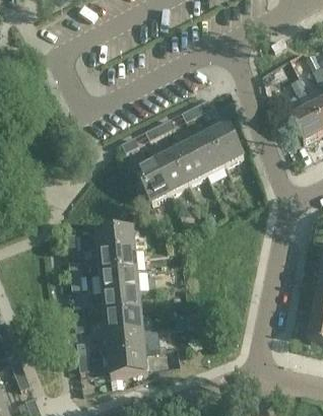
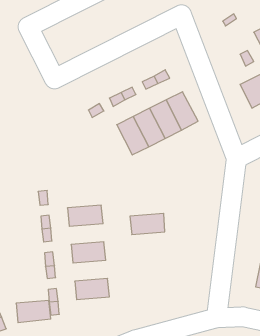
building: [135,157,171,201] -> none
building: [96,225,136,250] -> none
building: [101,267,139,290] -> [130,213,165,235]
building: [105,307,143,331] -> none
building: [109,348,147,372] -> [16,301,51,323]

